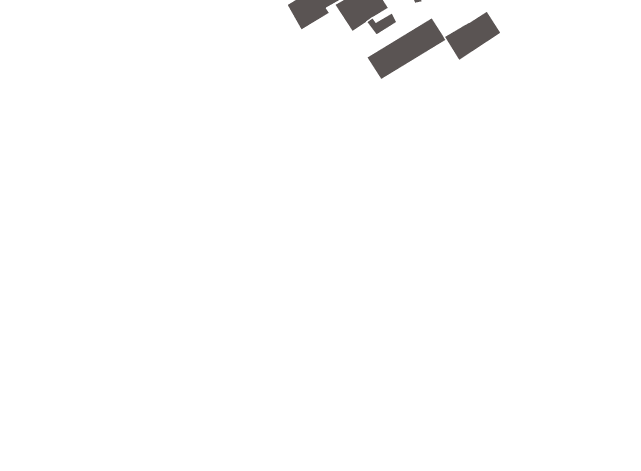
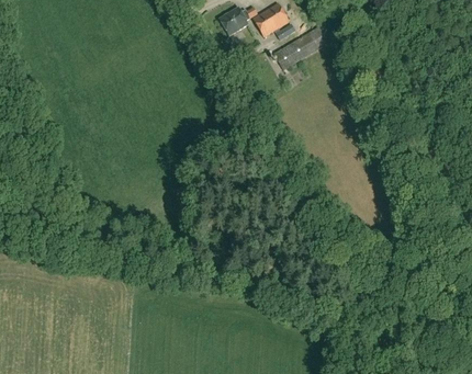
building: [444,11,501,61] -> none

